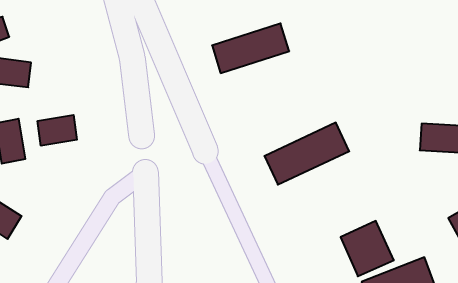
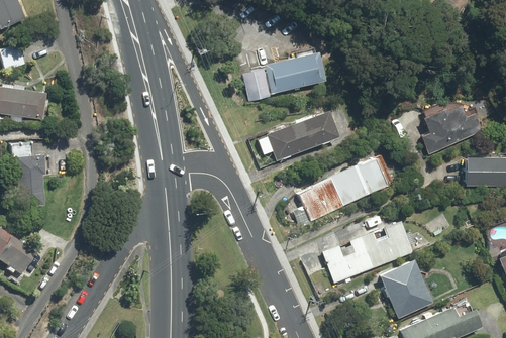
building: none -> [421,101,480,153]
building: none -> [268,110,335,160]
building: [38,115,77,146] -> none
building: none -> [322,221,416,284]

